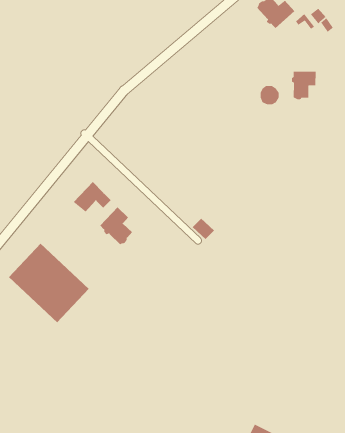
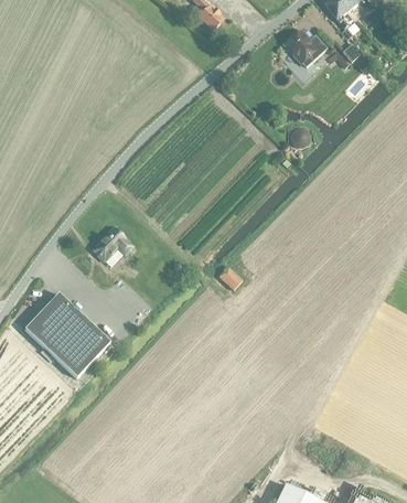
building: [291,71,316,100] -> none
building: [99,206,133,245] -> none

